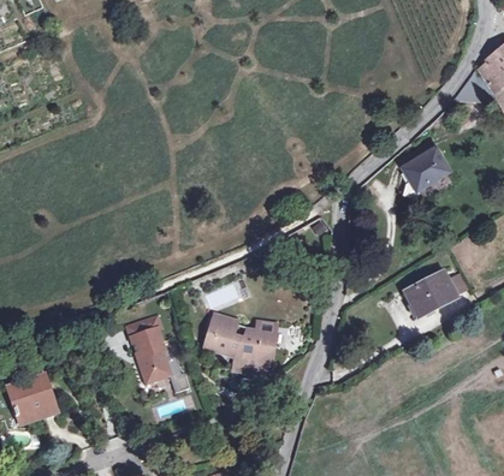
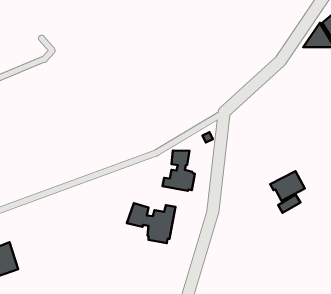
building: [404,148,447,189] -> none
building: none -> [163,151,195,191]
building: [126,316,189,392] -> none

